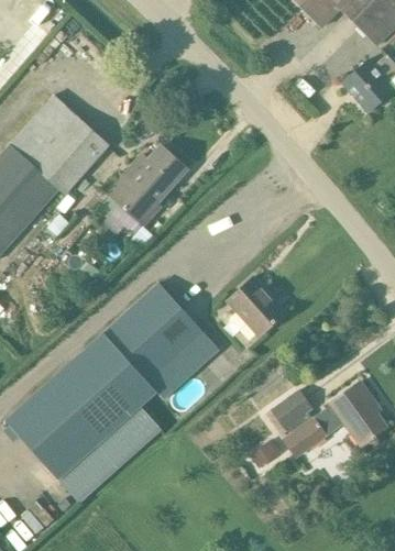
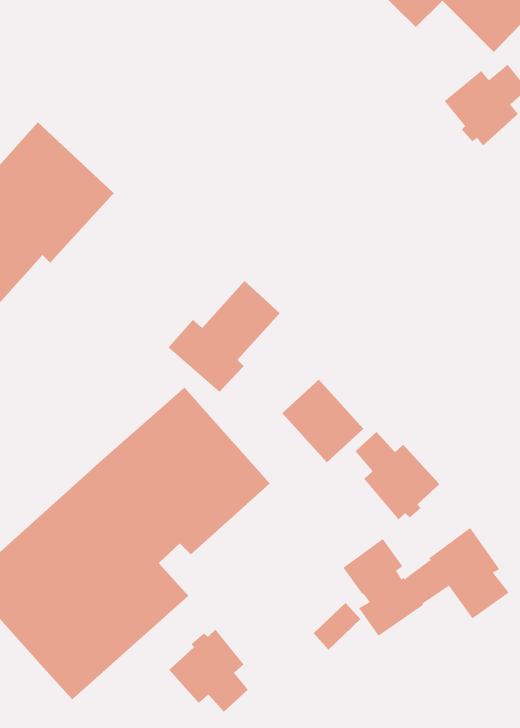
building: [107,145,186,224] -> [168,280,280,393]
building: none -> [355,431,440,520]
building: none -> [168,629,249,713]

